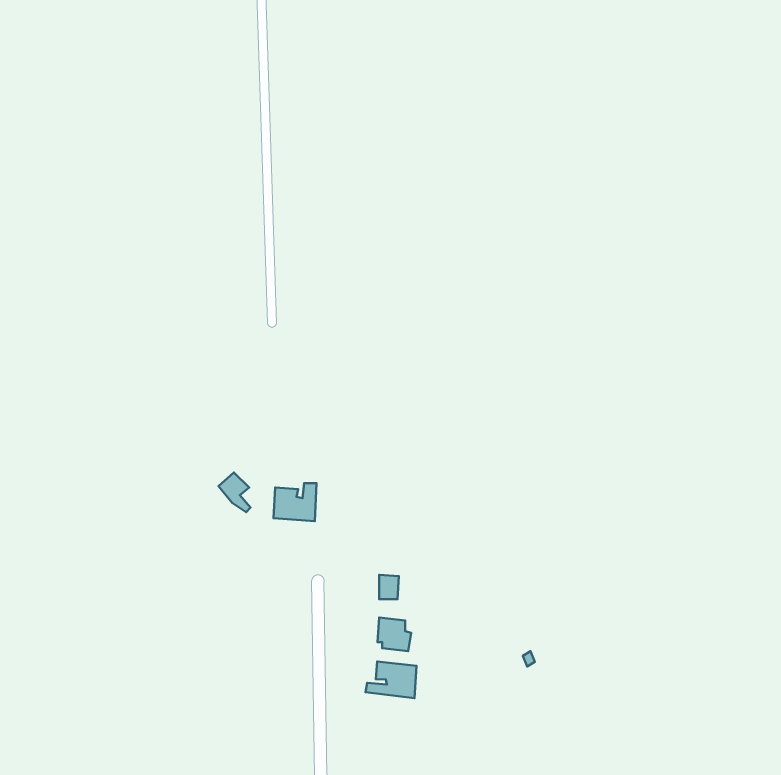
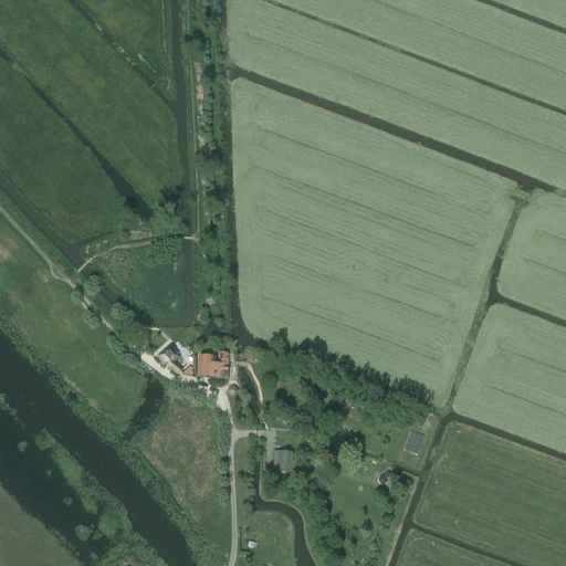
building: [365,661,416,698] -> none

